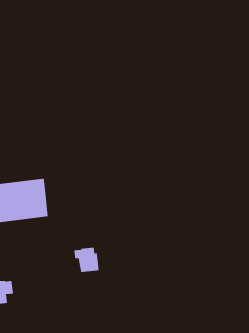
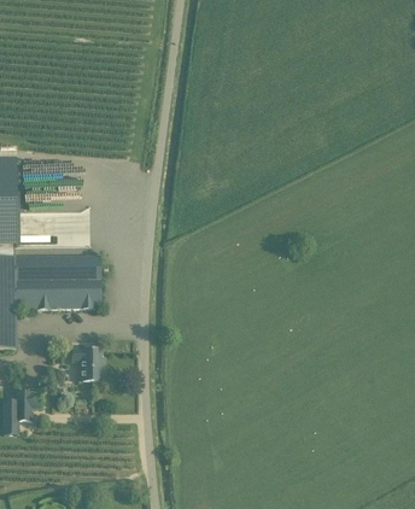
building: [74,247,100,272] -> [69,349,101,381]

